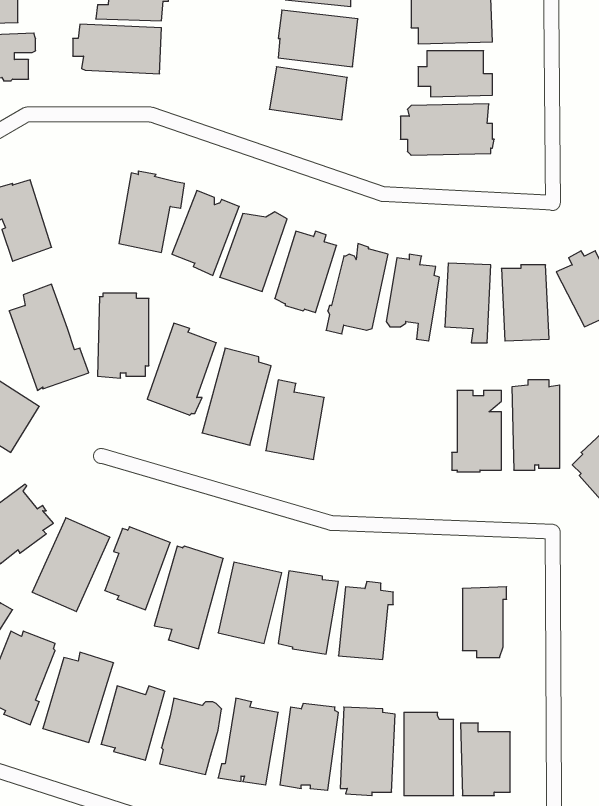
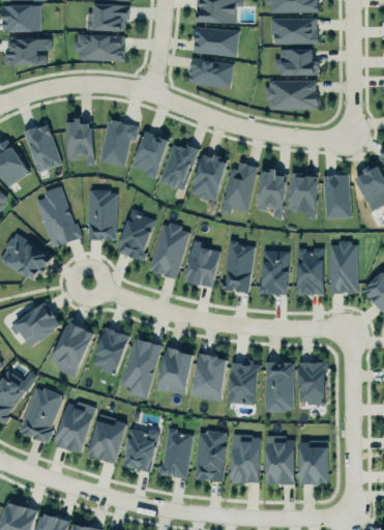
building: none -> [65,118,94,167]
building: none -> [221,240,255,293]
building: none -> [258,251,289,294]
building: none -> [264,361,294,412]

